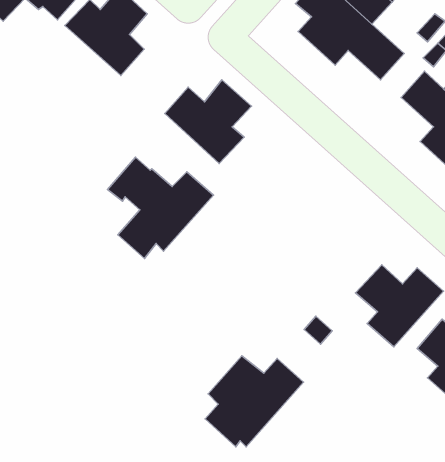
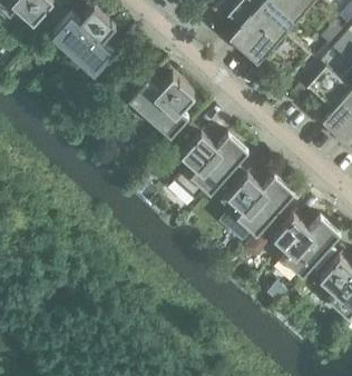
building: [108,157,213,258] -> [166,123,246,200]
building: [205,356,303,447] -> [217,174,292,243]

